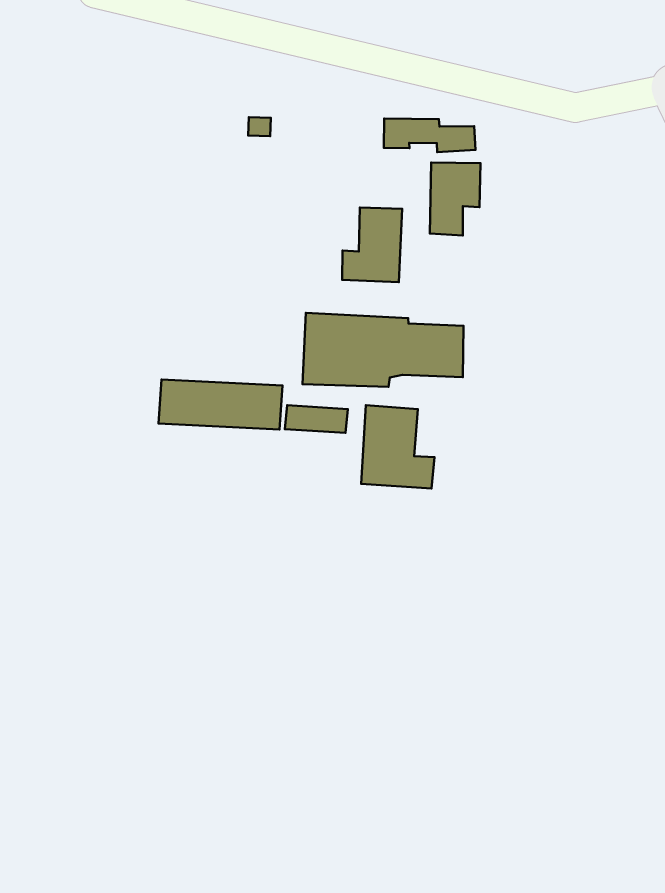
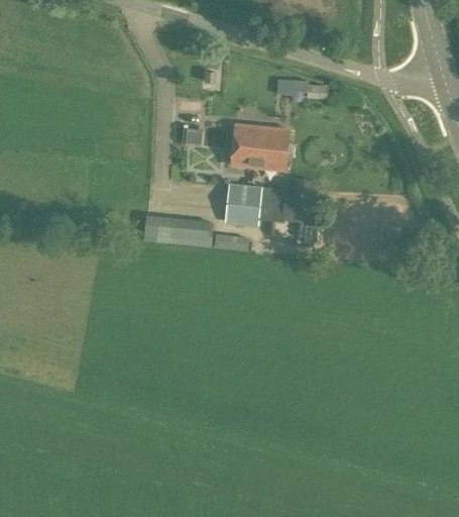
building: [430,162,481,235] -> [231,124,261,166]
building: [361,405,435,488] -> none

